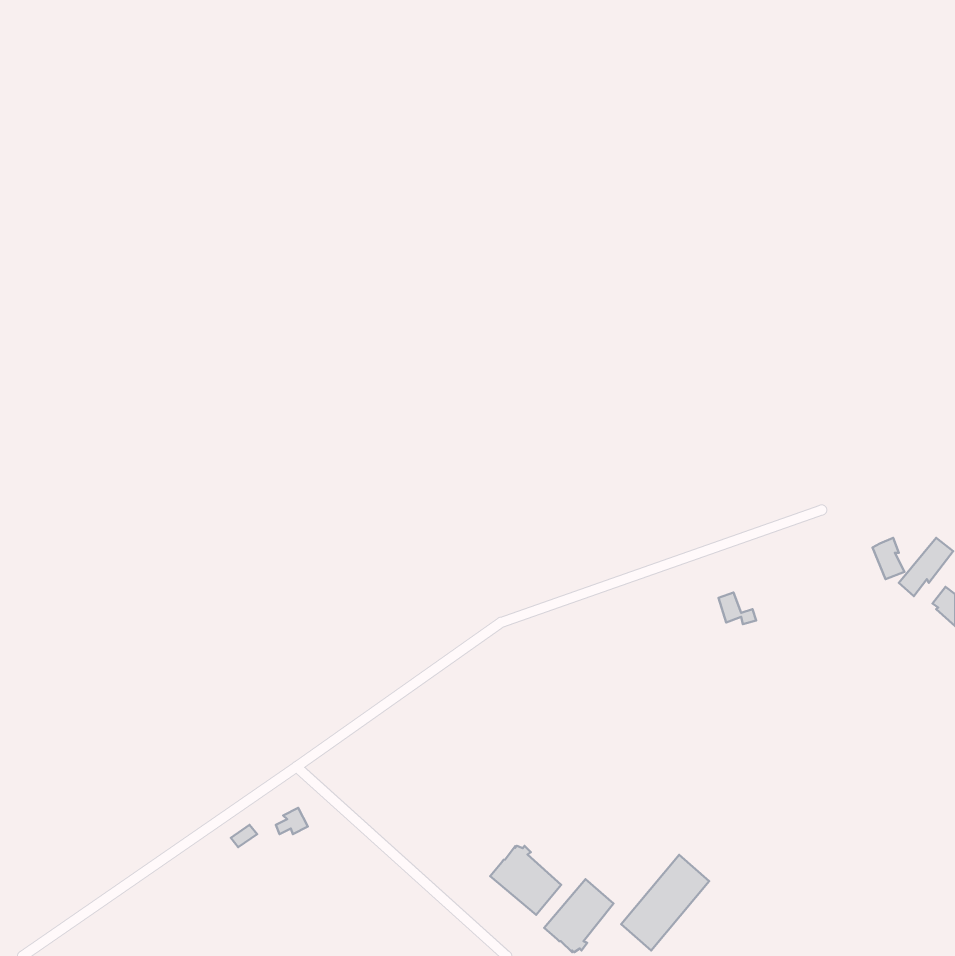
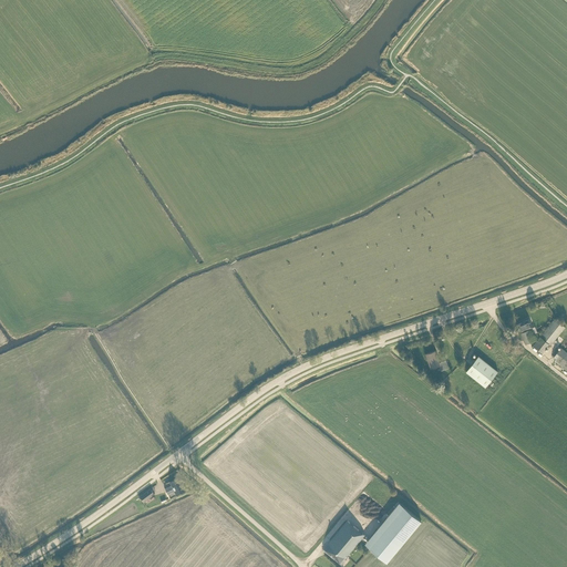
building: none -> [464,354,496,385]
building: [490,846,561,915] -> none

